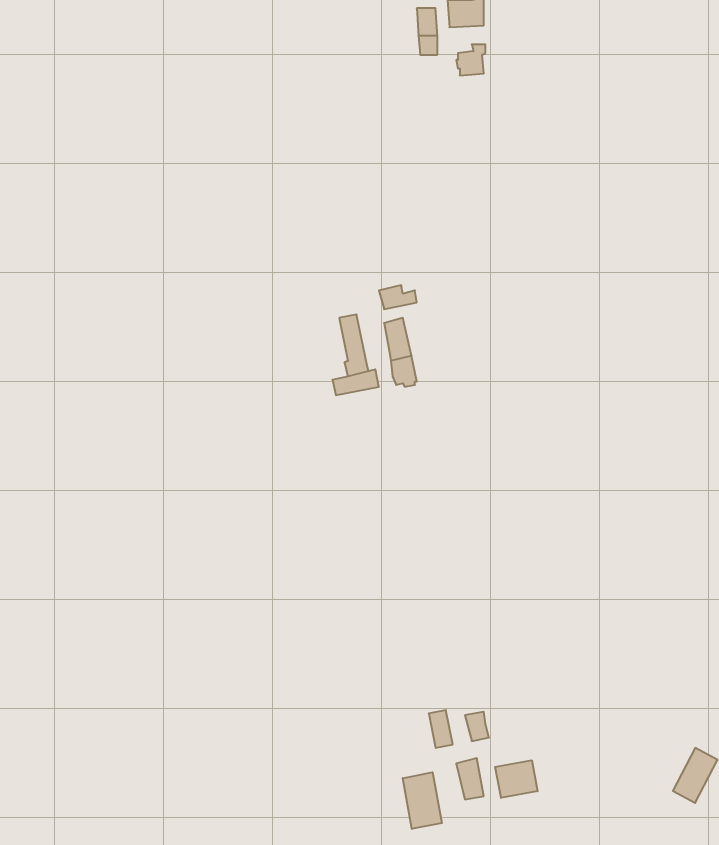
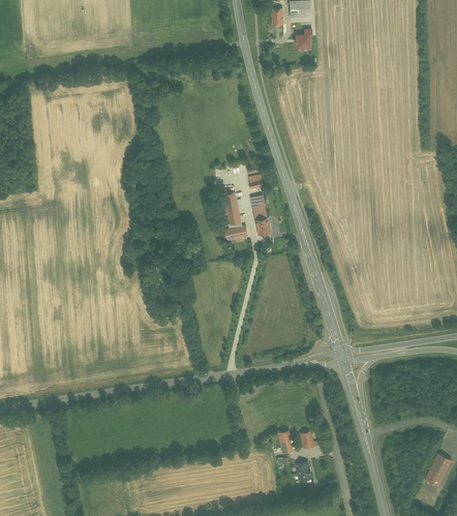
building: [495,760,538,798] -> none
building: [403,772,442,829] -> none

